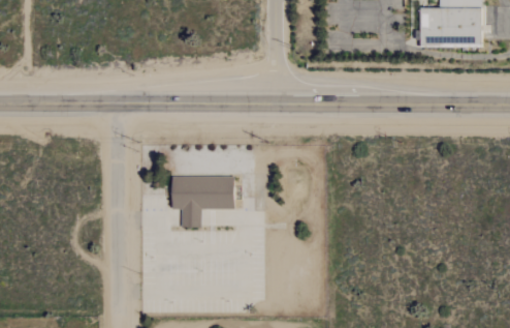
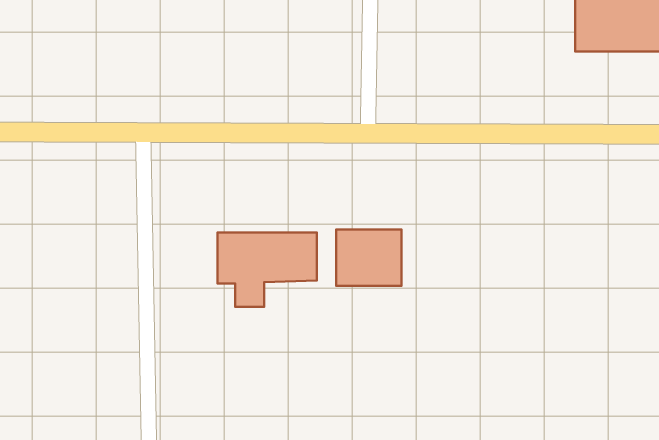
building: none -> [336,229,401,286]

